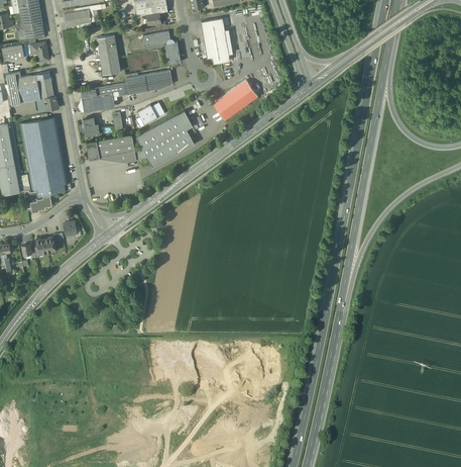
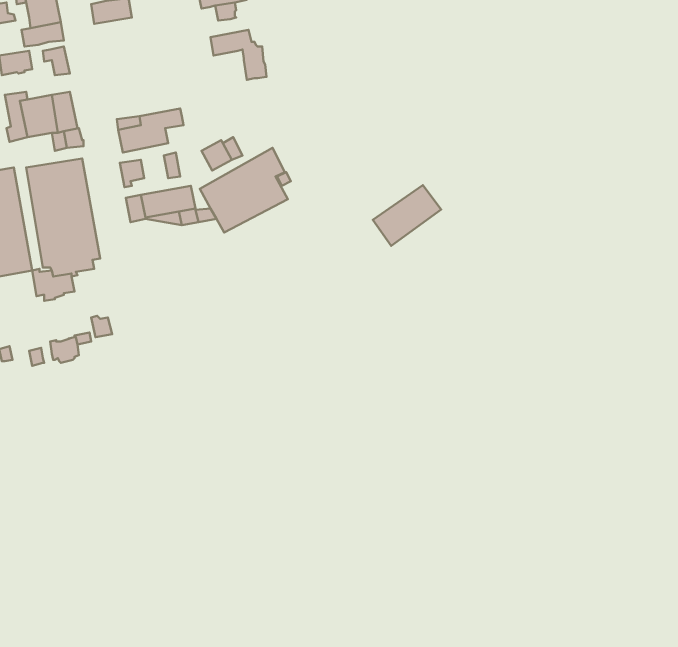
building: [200,18,229,64] -> none
building: [96,35,120,75] -> none
building: [124,71,171,95] -> none
building: [212,80,257,120] -> [373,185,441,246]

